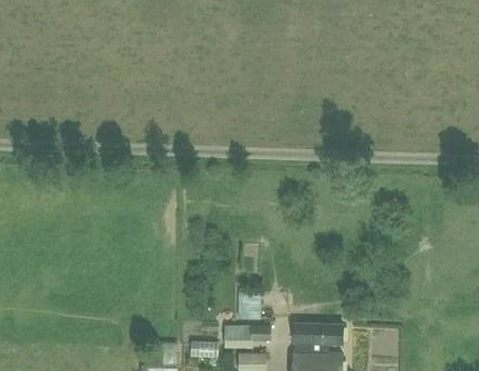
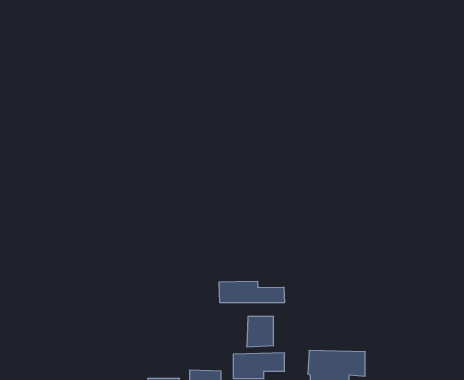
building: none -> [219,281,284,303]

